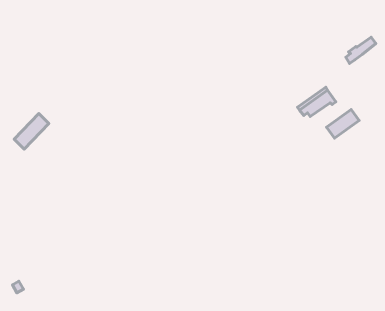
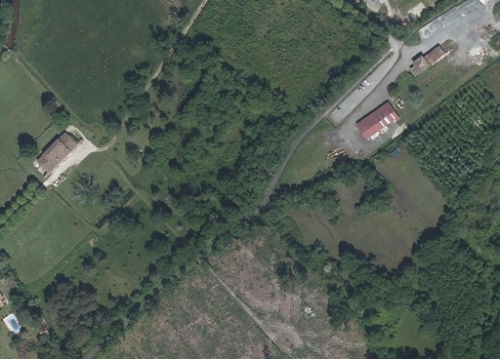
building: [327,110,359,138] -> none

